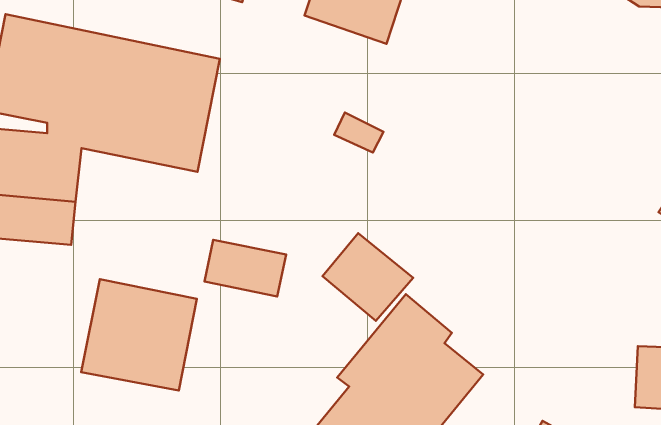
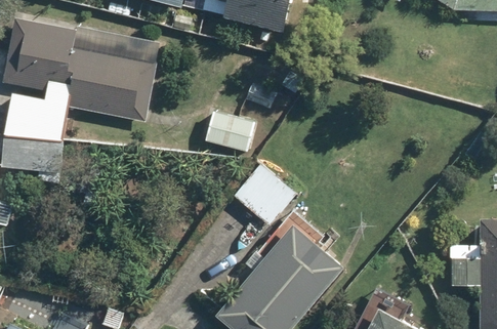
building: [204,240,286,296] -> [201,110,257,149]
building: [81,279,197,391] -> none

